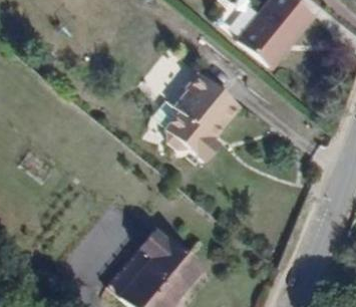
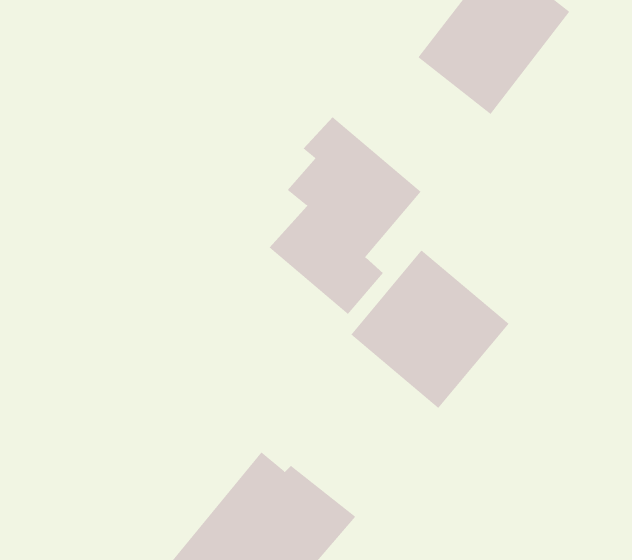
building: none -> [351,250,509,409]

